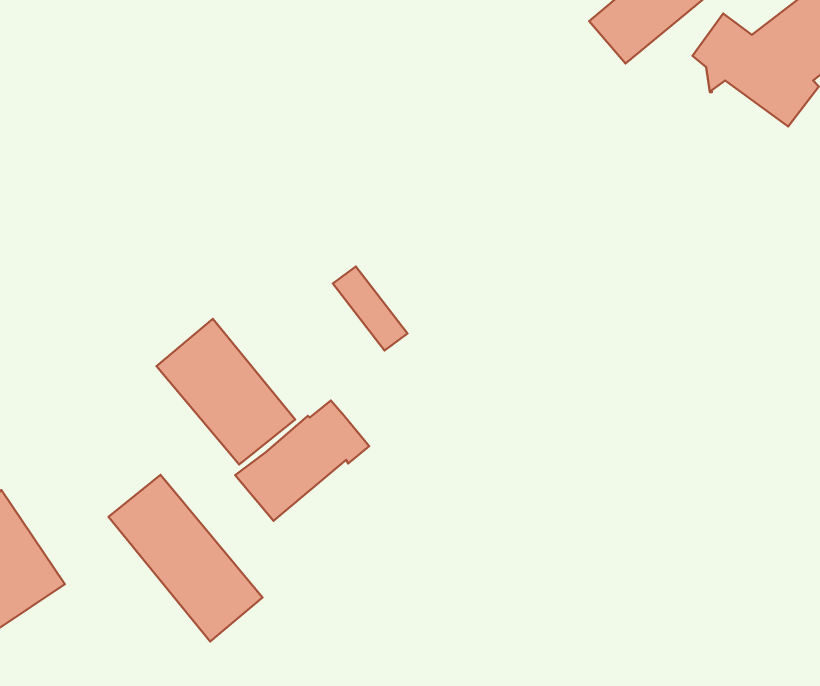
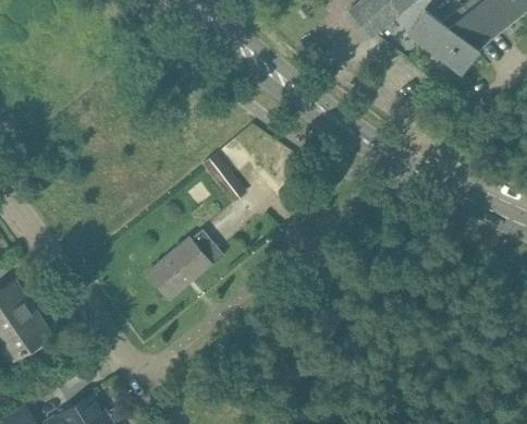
building: [156,319,295,465] -> none
building: [108,475,263,641] -> none

